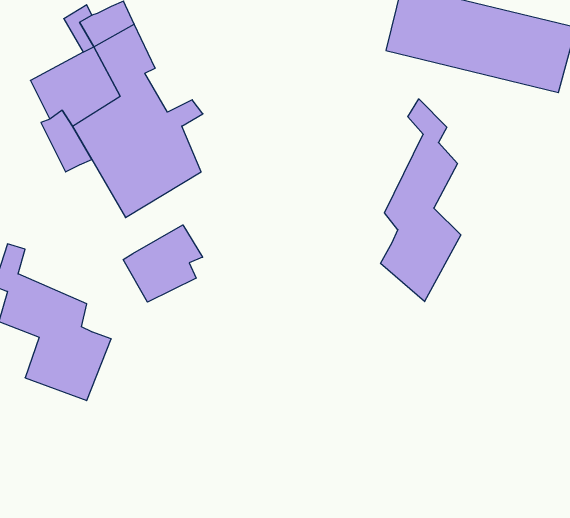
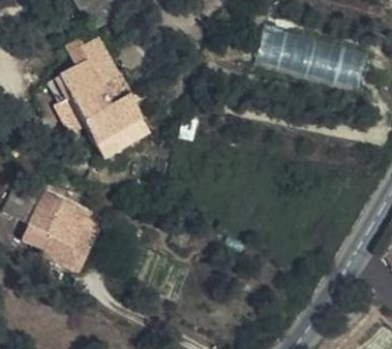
building: [381,99,461,302] -> none
building: [123,225,203,302] -> none

